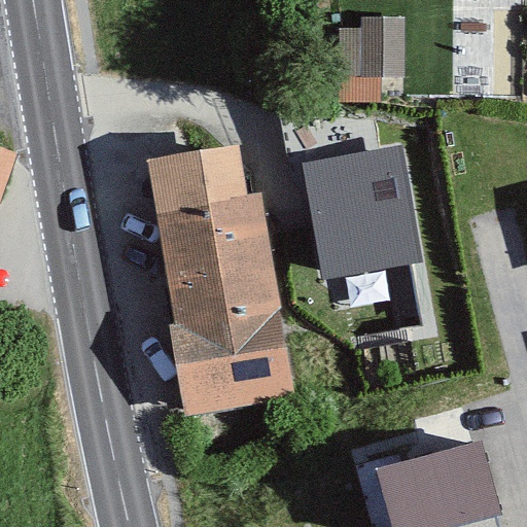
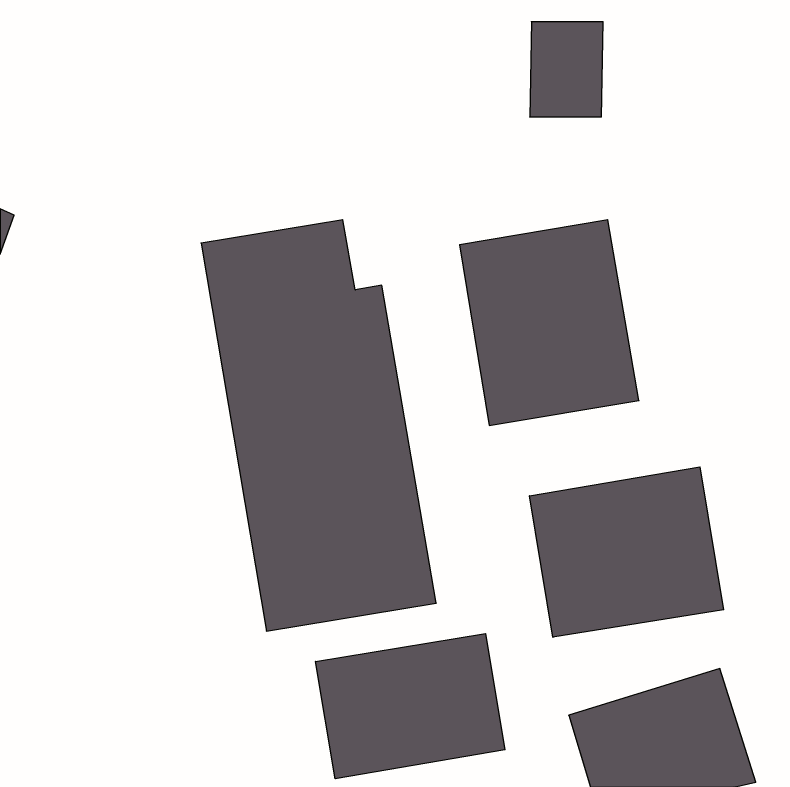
building: none -> [530,467,724,637]
building: none -> [316,634,505,779]

